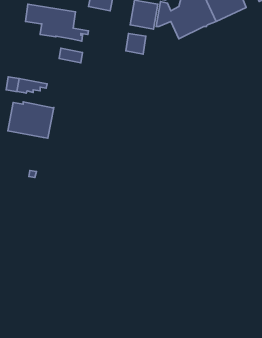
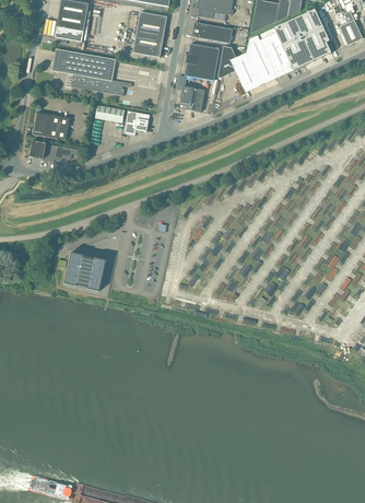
building: none -> [123,109,150,134]
building: none -> [32,112,69,140]
building: [8,102,54,138] -> none
building: none -> [63,252,105,291]

